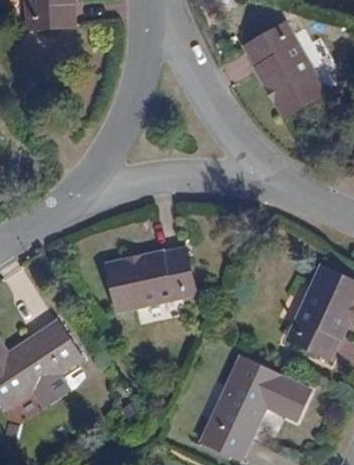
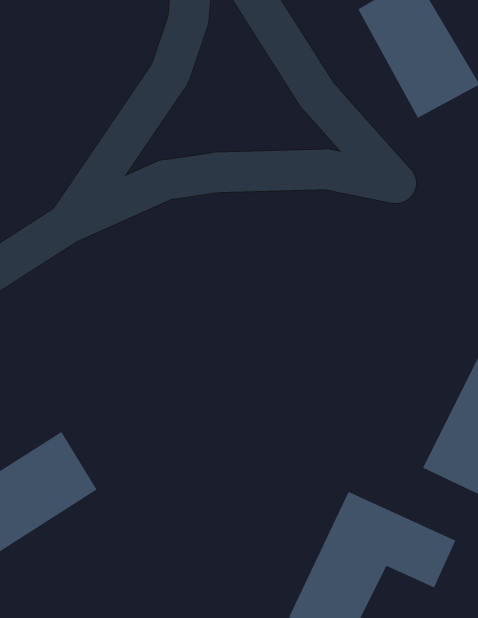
building: [109,258,197,319] -> none

